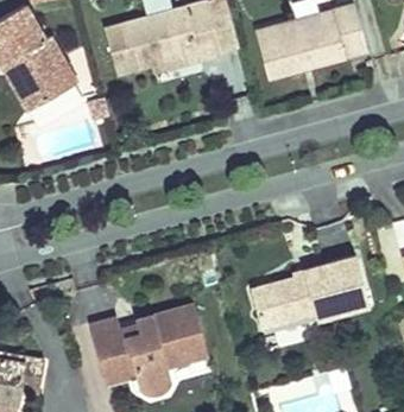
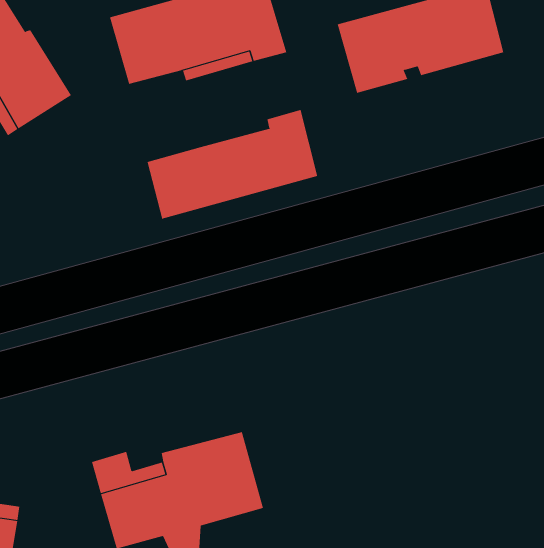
building: none -> [147,109,318,220]
building: [250,256,367,328] -> none

